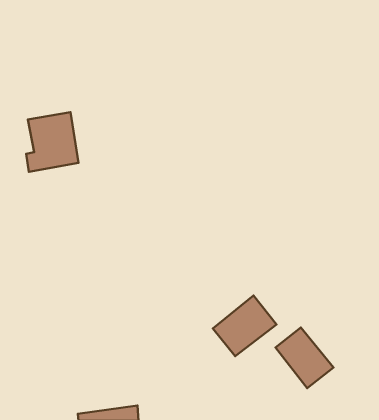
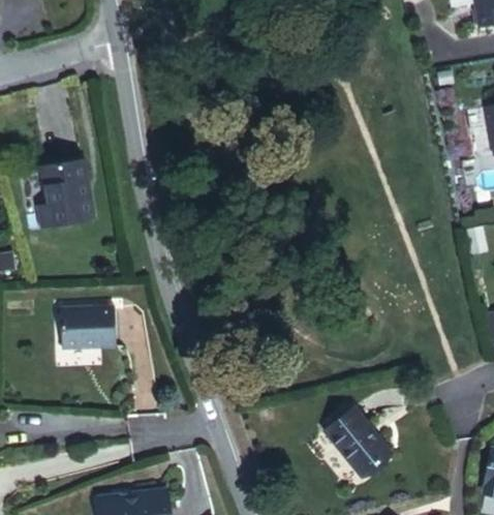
building: none -> [53,314,114,357]
building: [213,295,277,356] -> none

